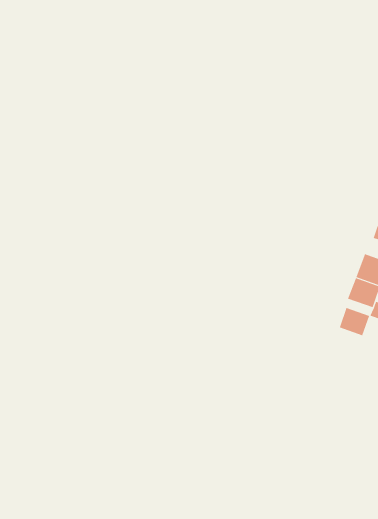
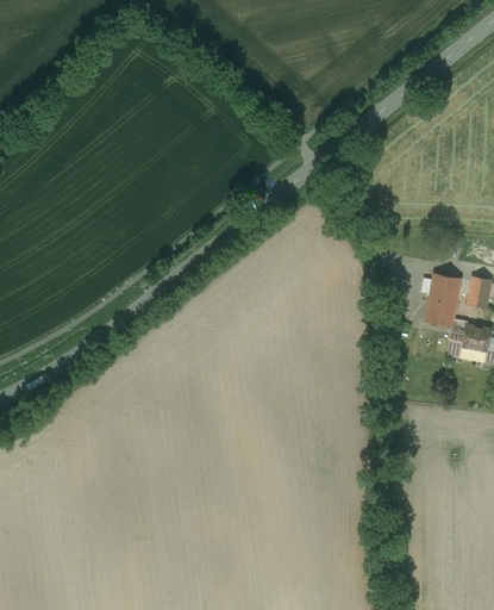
building: [339,307,370,336] -> none

